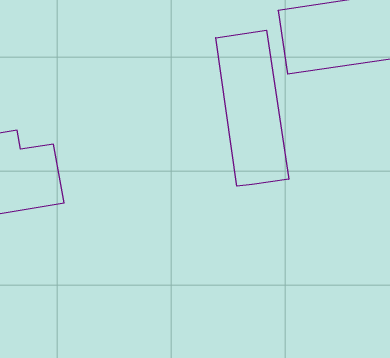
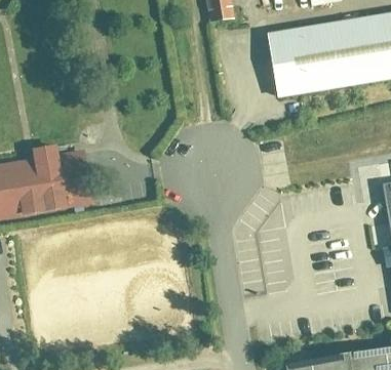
building: [216,30,289,186] -> none

